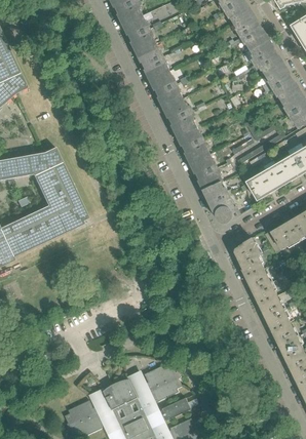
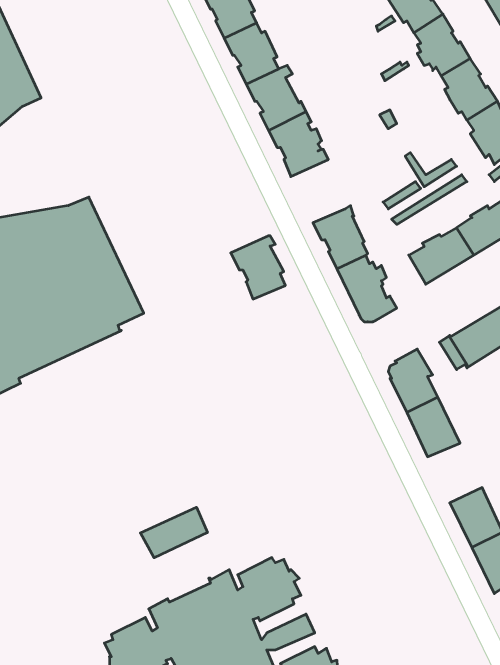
building: [176,125,208,163] -> [231,236,285,299]
building: [258,295,291,331] -> none
building: none -> [140,507,207,558]

